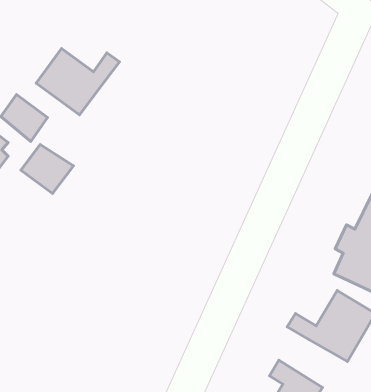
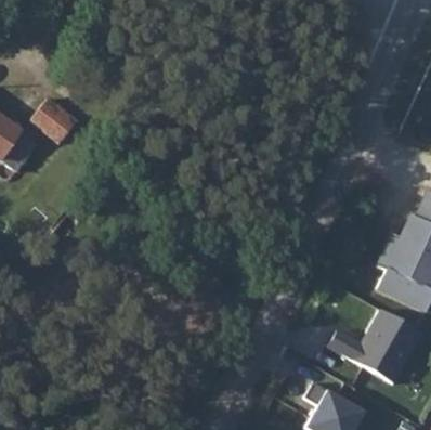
building: [36,48,119,115] -> none
building: [21,144,74,193] -> none

